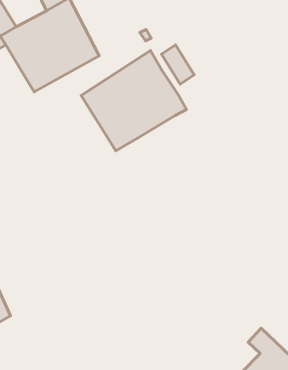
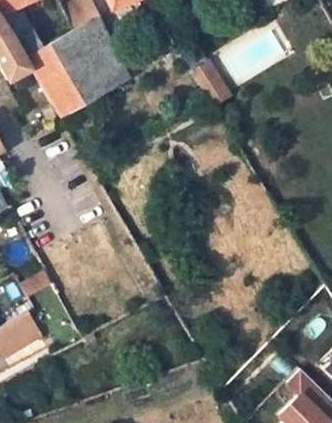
building: [81,50,187,151] -> none

